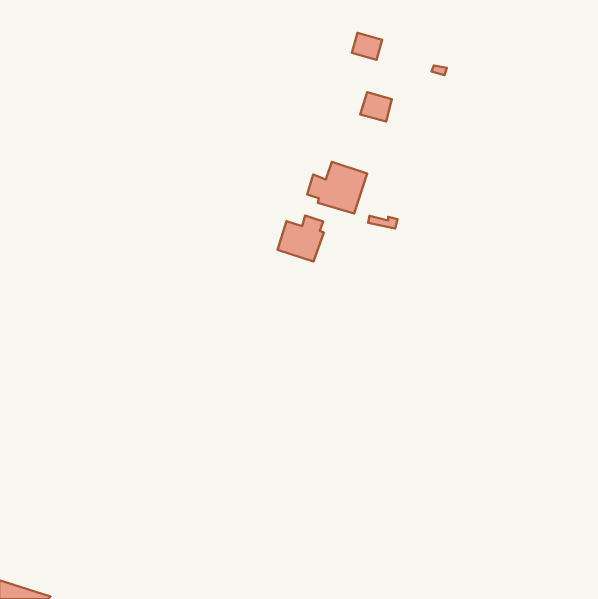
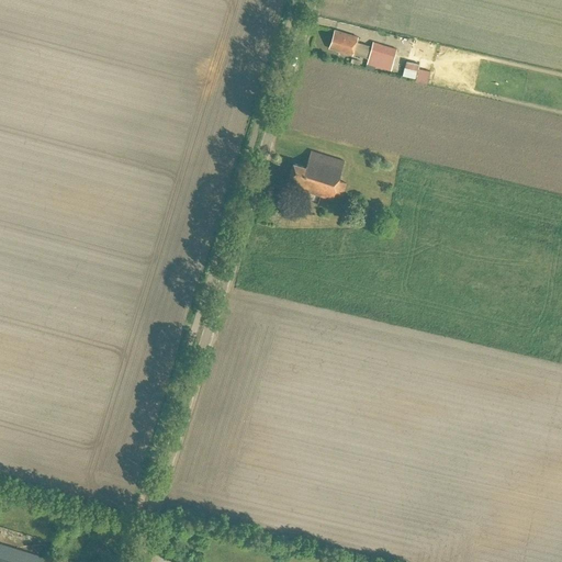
building: [360,92,392,121] -> [367,43,396,70]
building: [277,215,324,261] -> none

